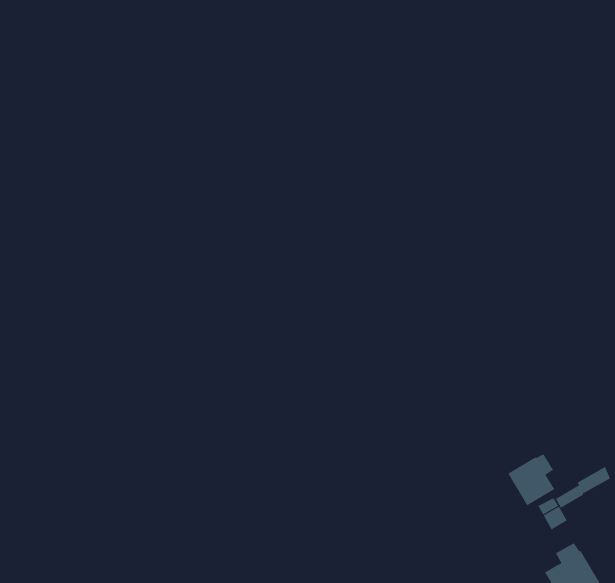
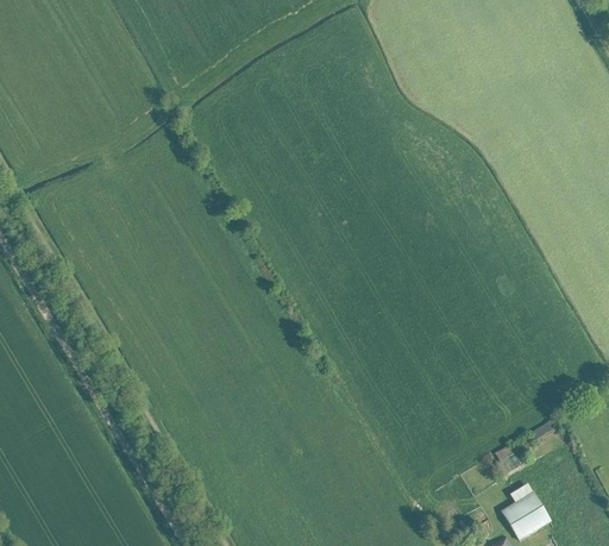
building: [507,453,555,506] -> none

